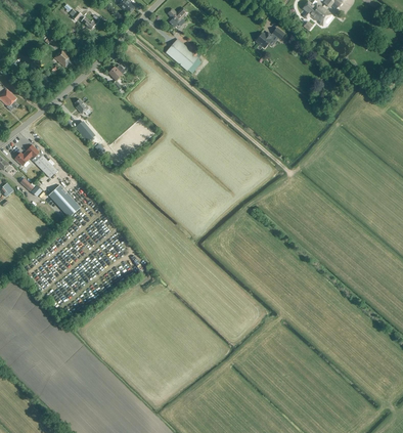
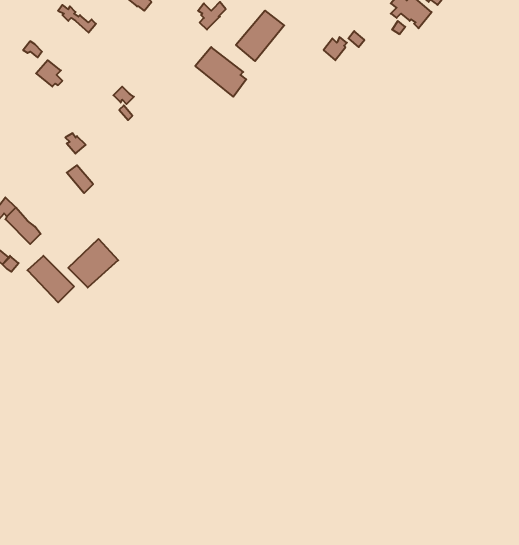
building: none -> [236,11,284,61]
building: none -> [68,239,118,288]

